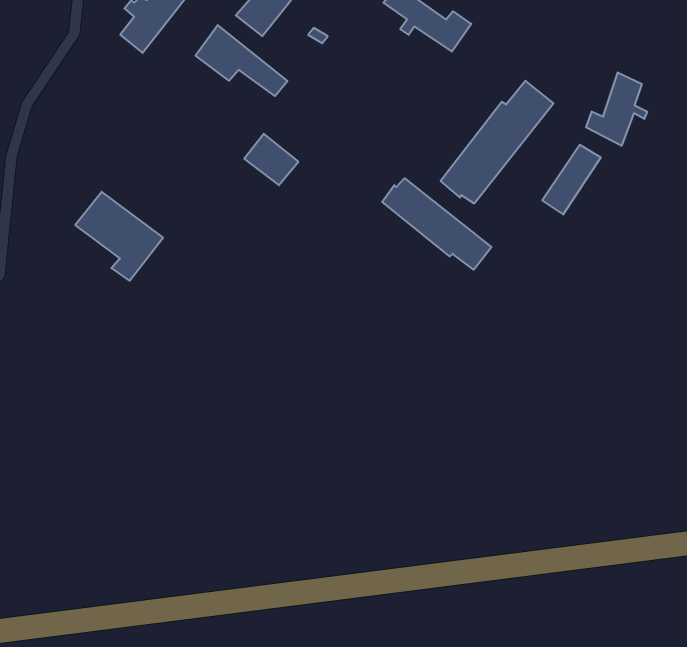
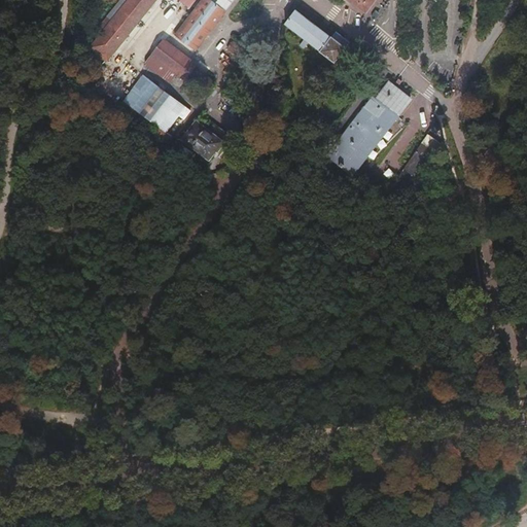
building: [586,72,647,146] -> none
building: [382,178,491,270] -> none
building: [75,192,163,281] -> [124,76,188,142]

